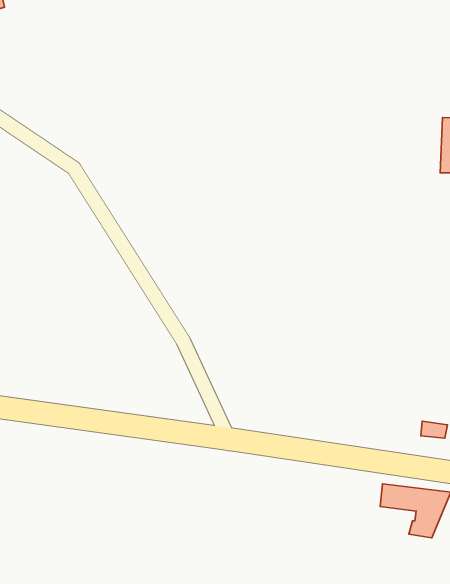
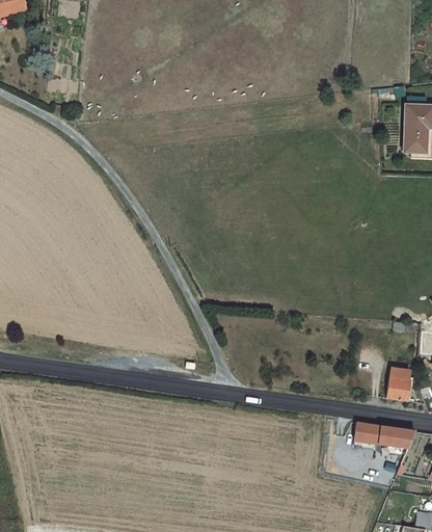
building: none -> [385,380,410,402]

